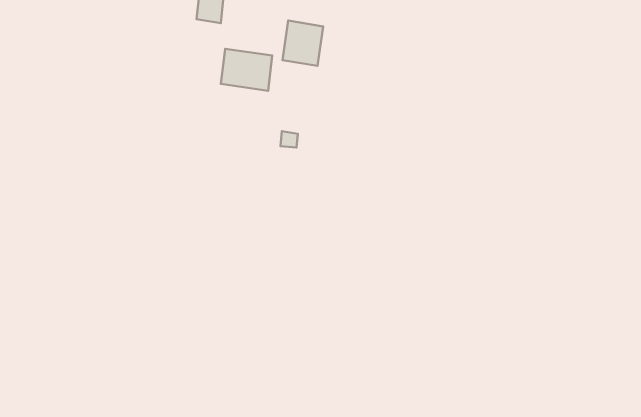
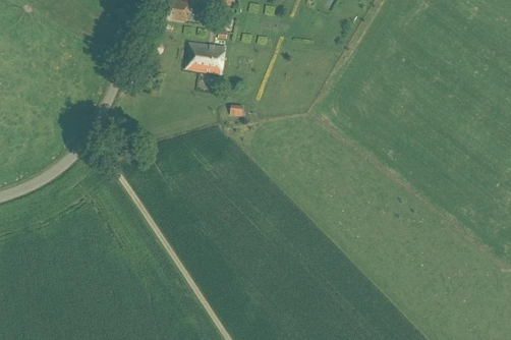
building: [282,21,323,66] -> none

